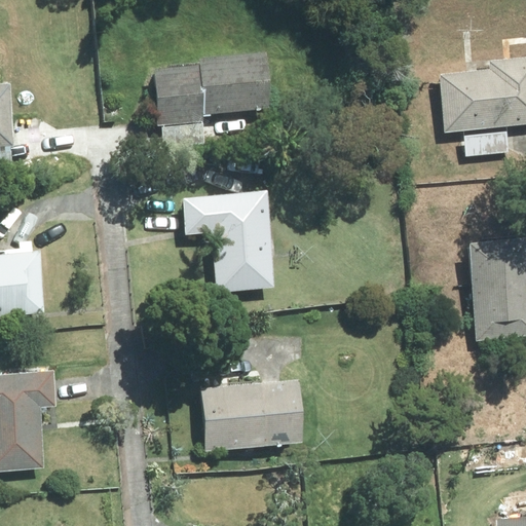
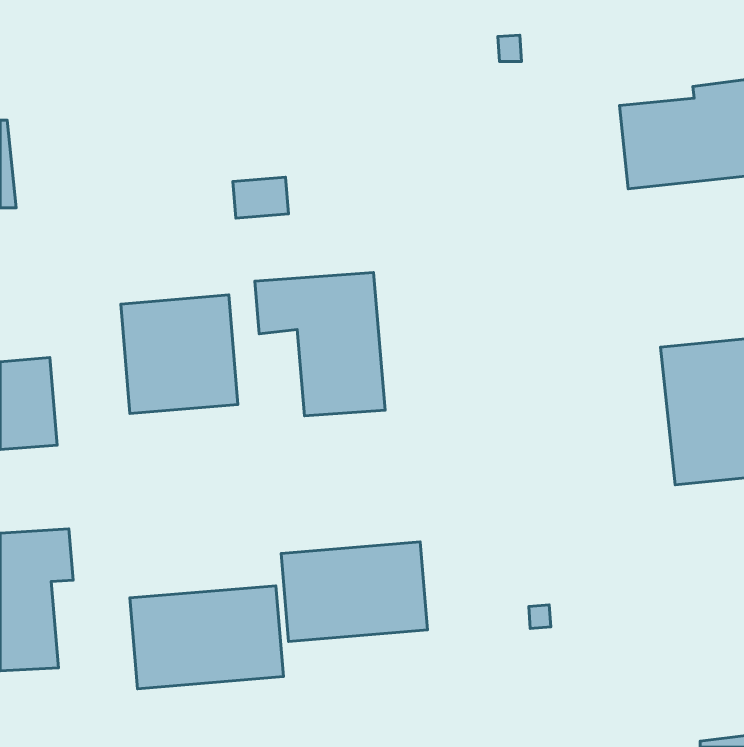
building: [152,51,269,125] -> none
building: none -> [121,295,238,413]
building: none -> [130,586,283,689]

